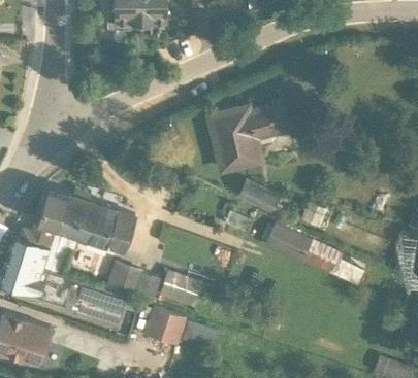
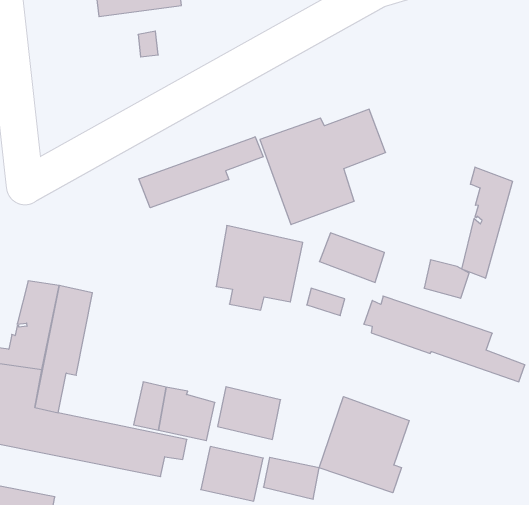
building: none -> [139,137,263,208]
building: none -> [462,167,513,278]
building: [76,199,135,255] -> [216,226,303,310]
building: none -> [319,397,409,493]

